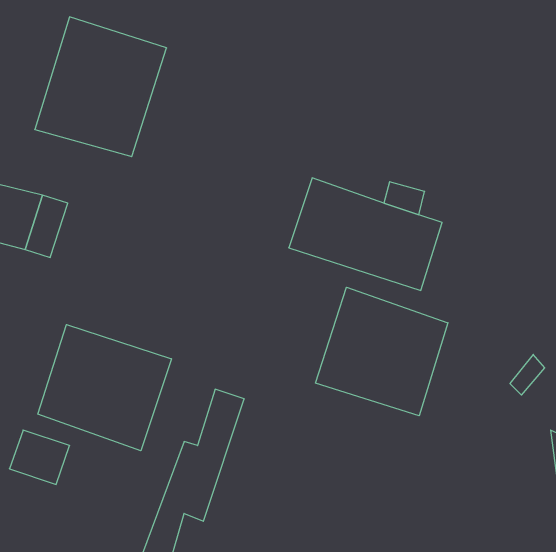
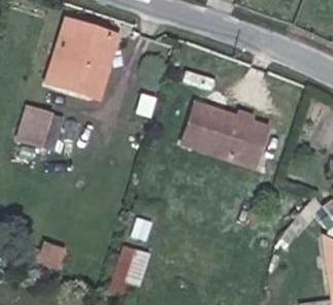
building: [316,287,448,416] -> none
building: [38,325,171,451] -> none

